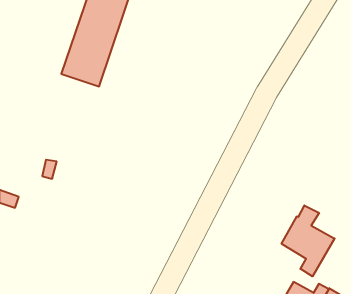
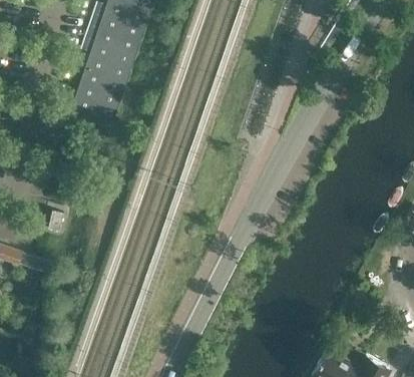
building: [282,205,335,276] -> none

